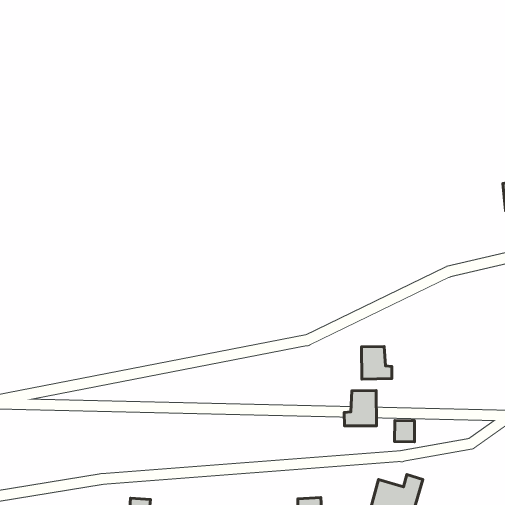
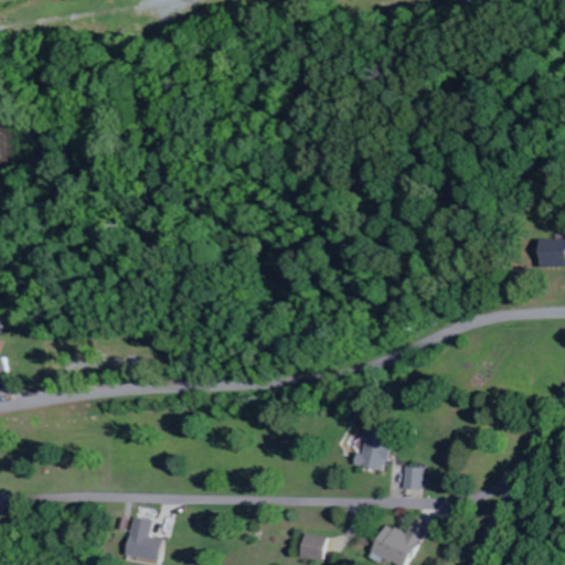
building: [362,347,392,379] -> none

